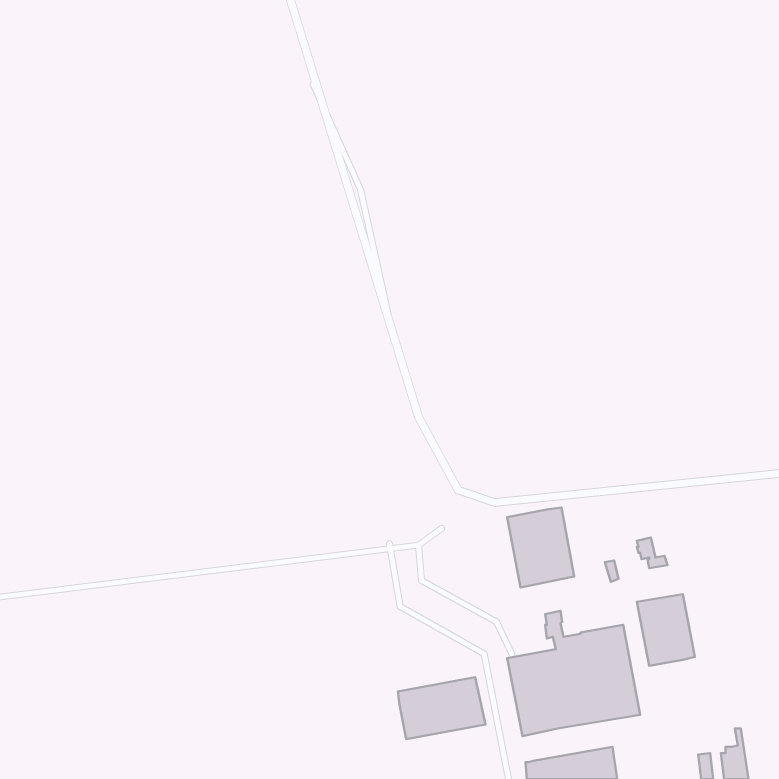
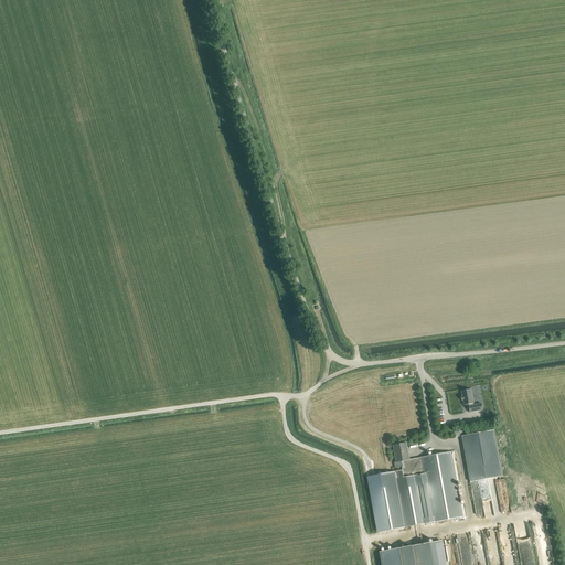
building: [507,507,574,588] -> none
building: [398,677,485,739] -> none

